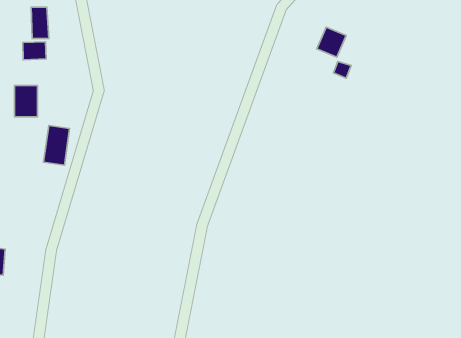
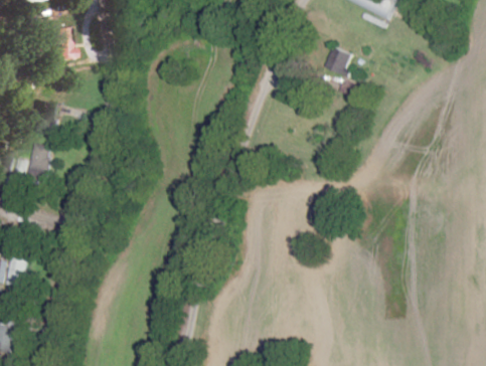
building: [23,42,46,60] -> none
building: [44,126,70,165] -> [25,143,50,181]

